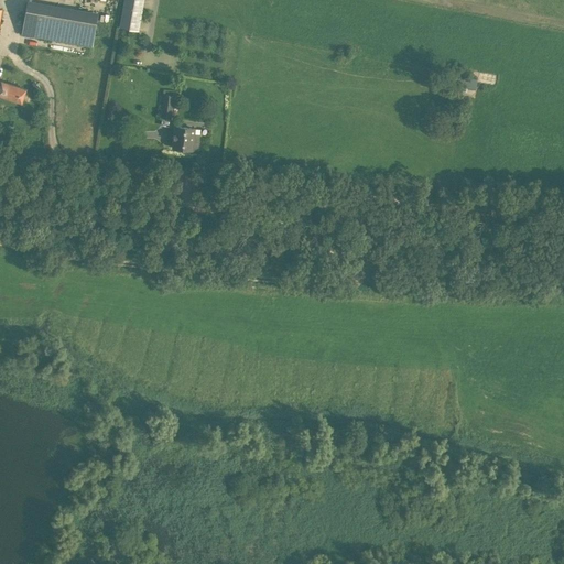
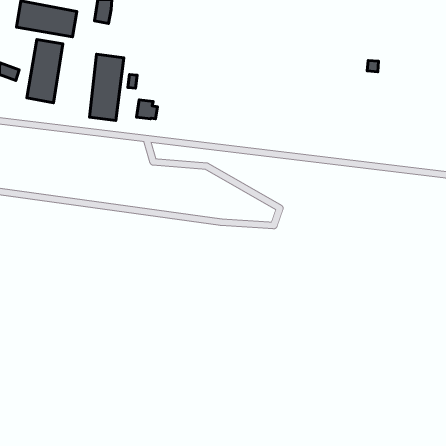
building: none -> [27,39,63,103]
building: none -> [89,54,124,121]

